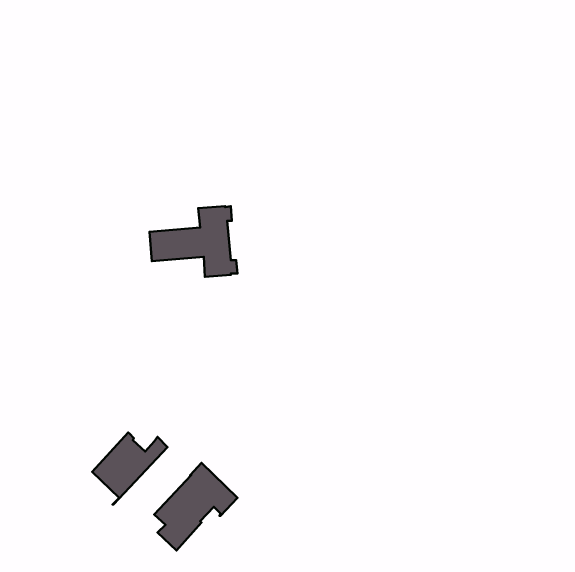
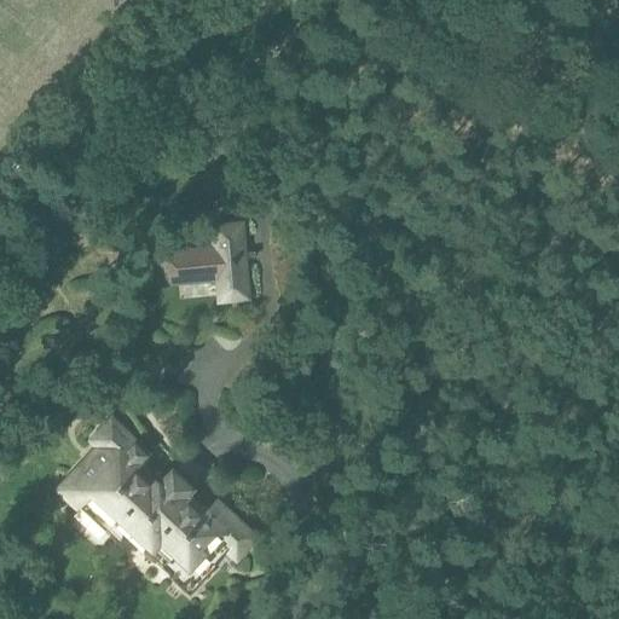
building: none -> [59,416,151,507]
building: none -> [122,480,206,553]

